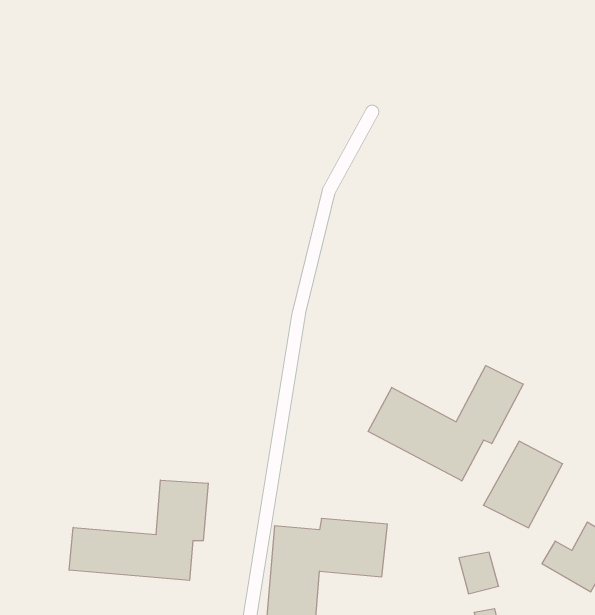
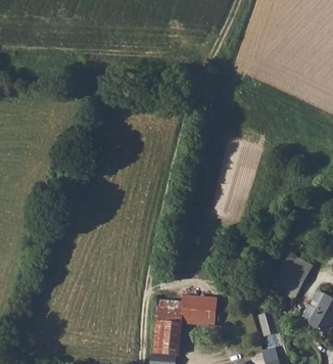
building: [368,366,523,481] -> none
building: [69,480,208,580] -> none

